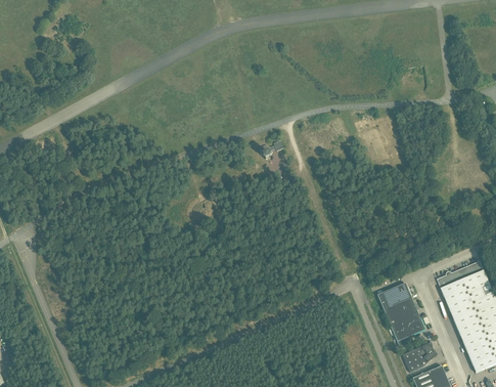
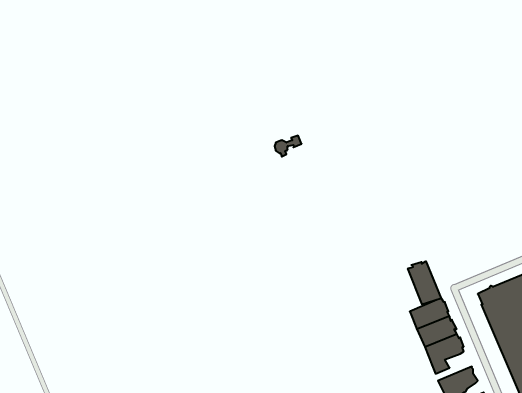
building: none -> [408,261,441,305]

